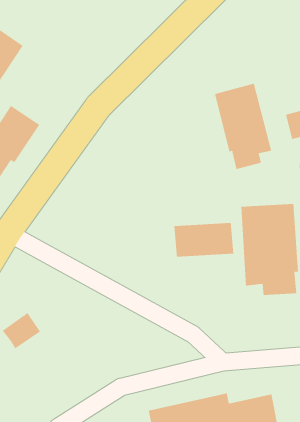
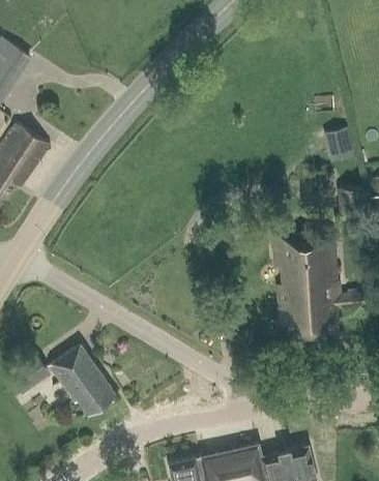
building: [214,83,272,170] -> none
building: [174,222,234,258] -> none
building: none -> [49,344,113,414]

